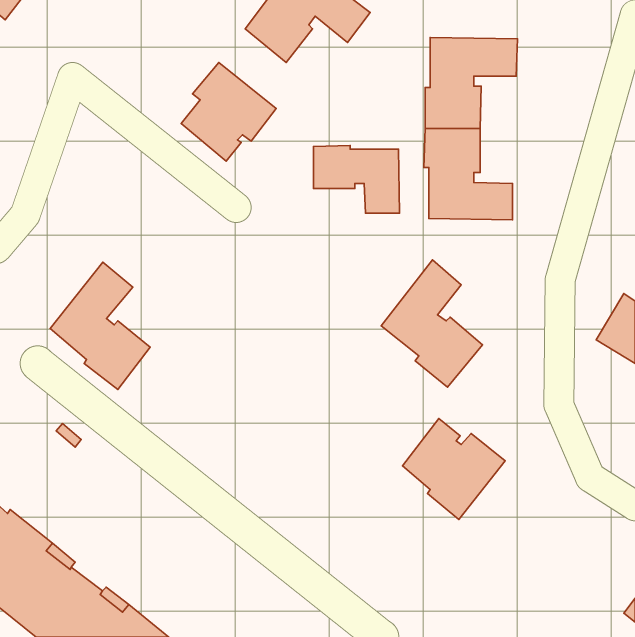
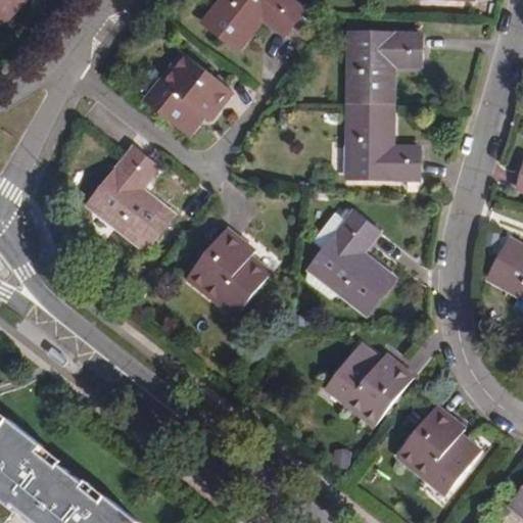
building: [313,146,400,213] -> none
building: [50,262,150,390] -> [90,147,172,251]
building: none -> [189,229,270,312]
building: none -> [398,407,479,489]

